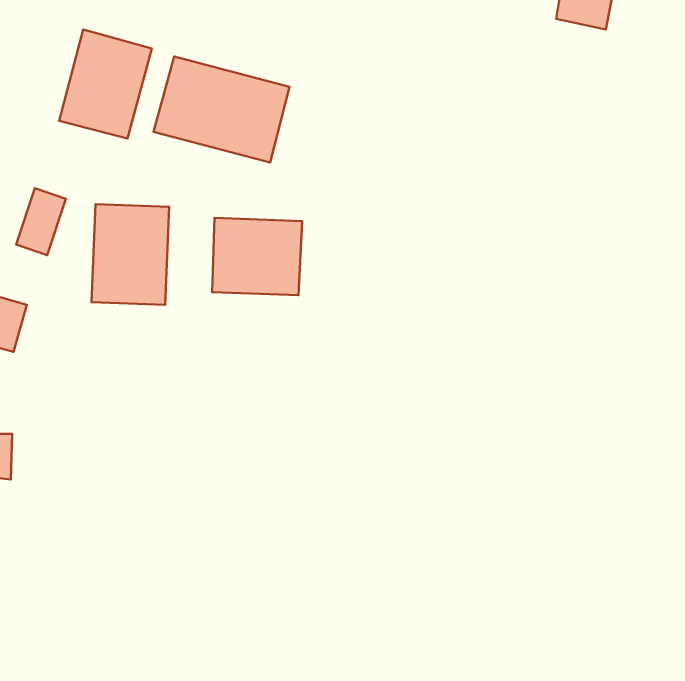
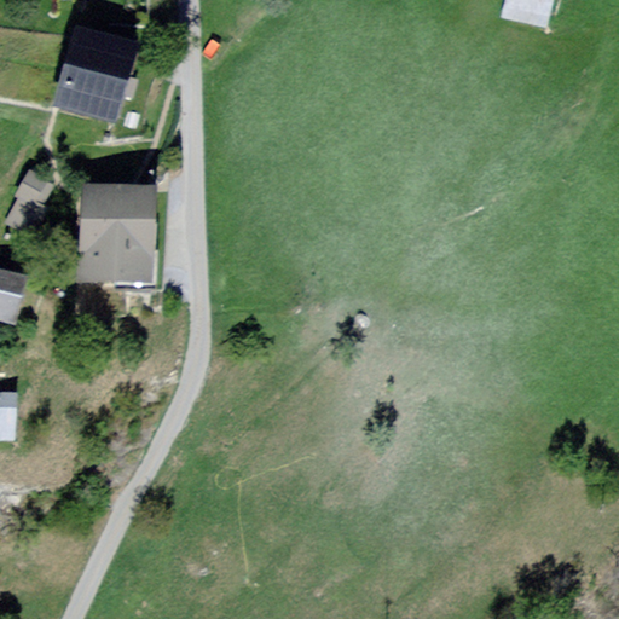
building: [153,57,289,163] -> none
building: [212,218,302,295] -> none

